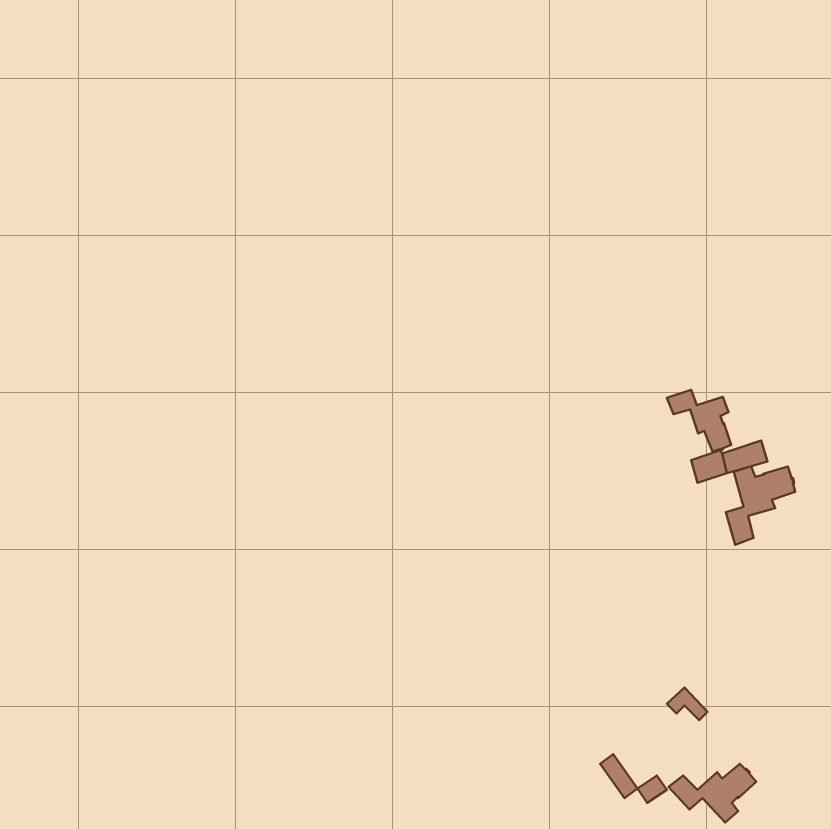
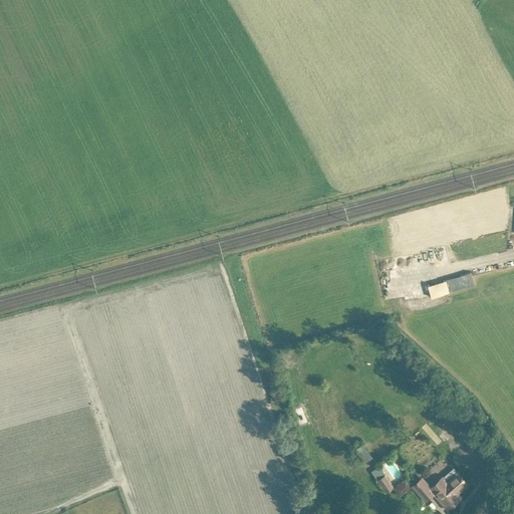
building: [667,390,731,451] -> none
building: [726,466,795,545] -> none

